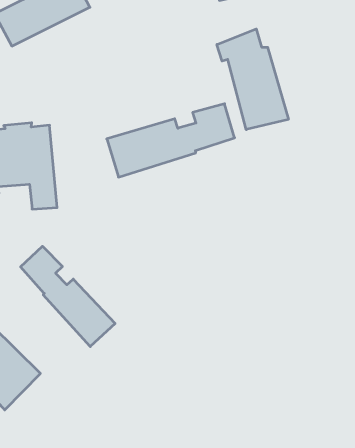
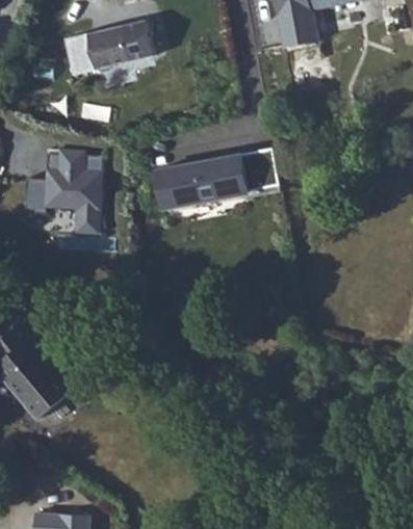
building: [217,29,288,130] -> none
building: [21,246,115,347] -> none

